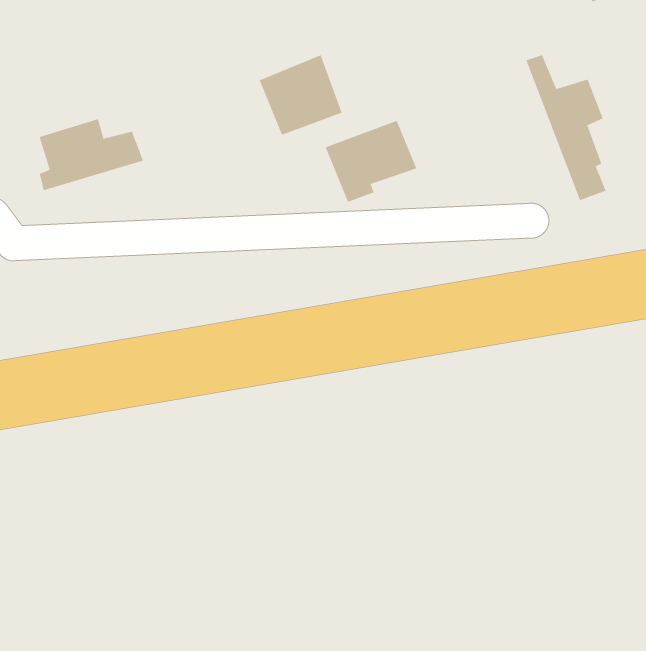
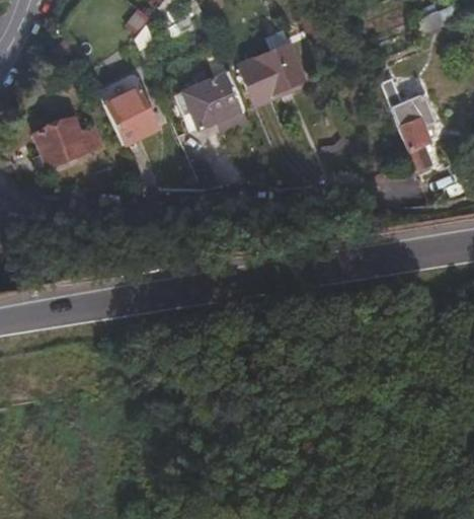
building: none -> [101,85,153,142]
building: [325,120,417,202] -> [243,47,309,105]

